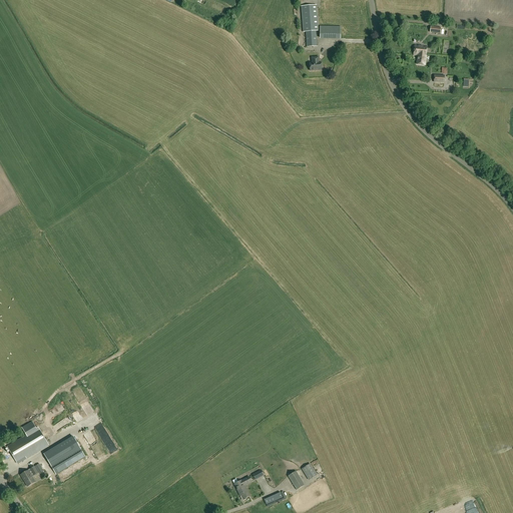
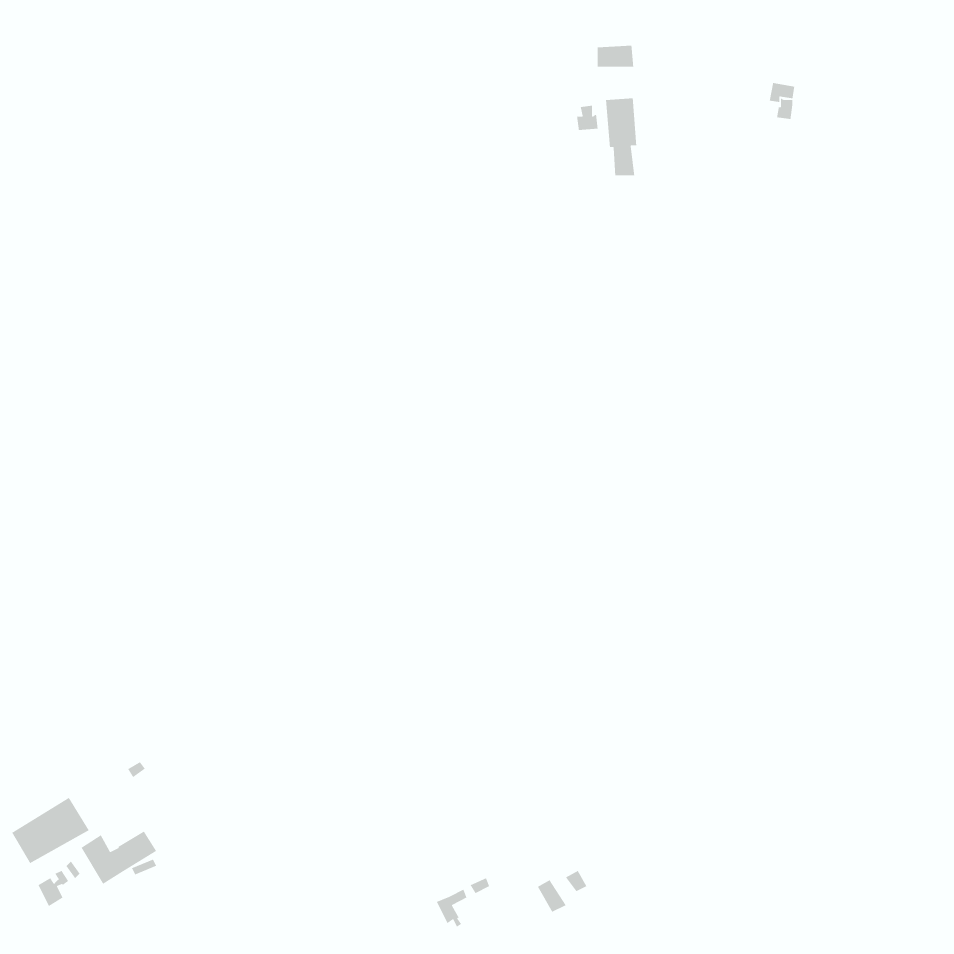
building: [301,4,318,46] -> [605,97,637,176]

